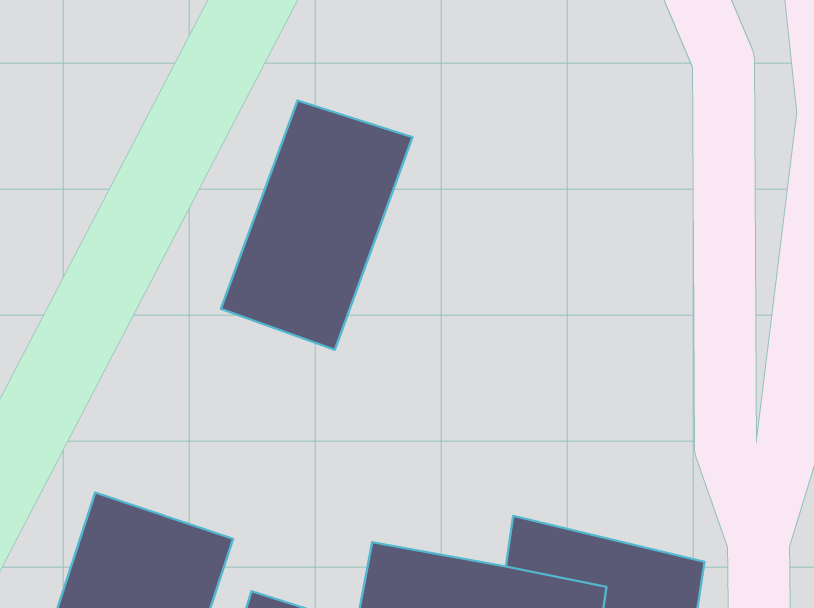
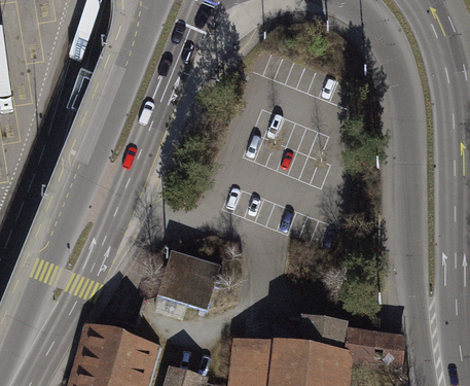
building: [221,101,412,350] -> none
building: none -> [158,249,218,305]

